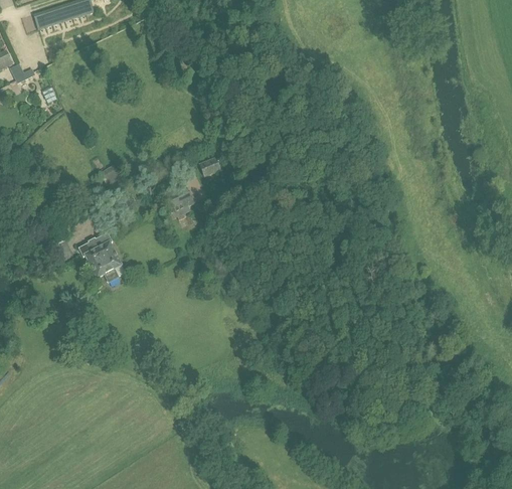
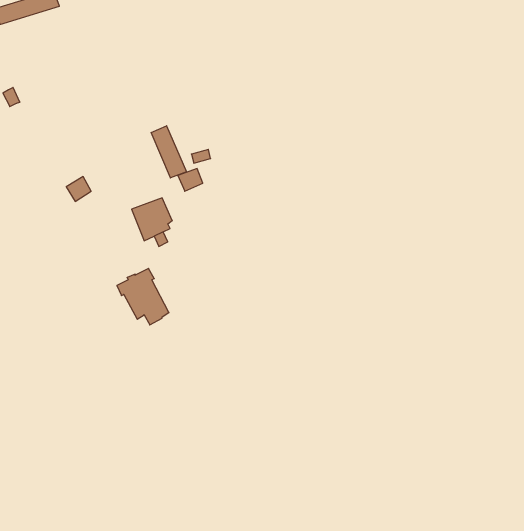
building: none -> [151,126,186,178]
building: [78,232,125,283] -> [117,268,169,325]

